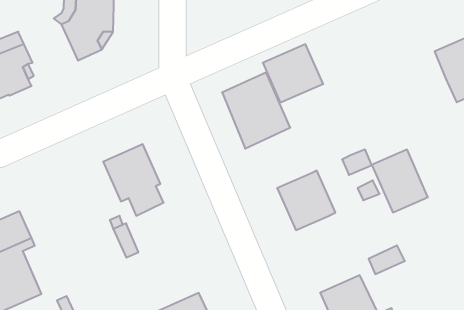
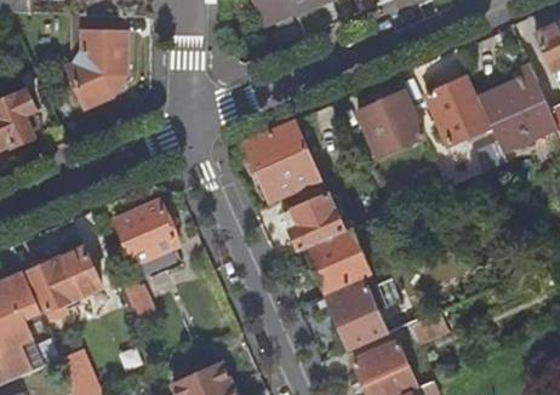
building: none -> [427,78,491,145]
building: [263,44,323,103] -> [358,92,424,156]
building: none -> [290,194,344,251]
building: [372,150,428,212] -> [324,279,385,348]
building: none -> [28,244,120,311]

